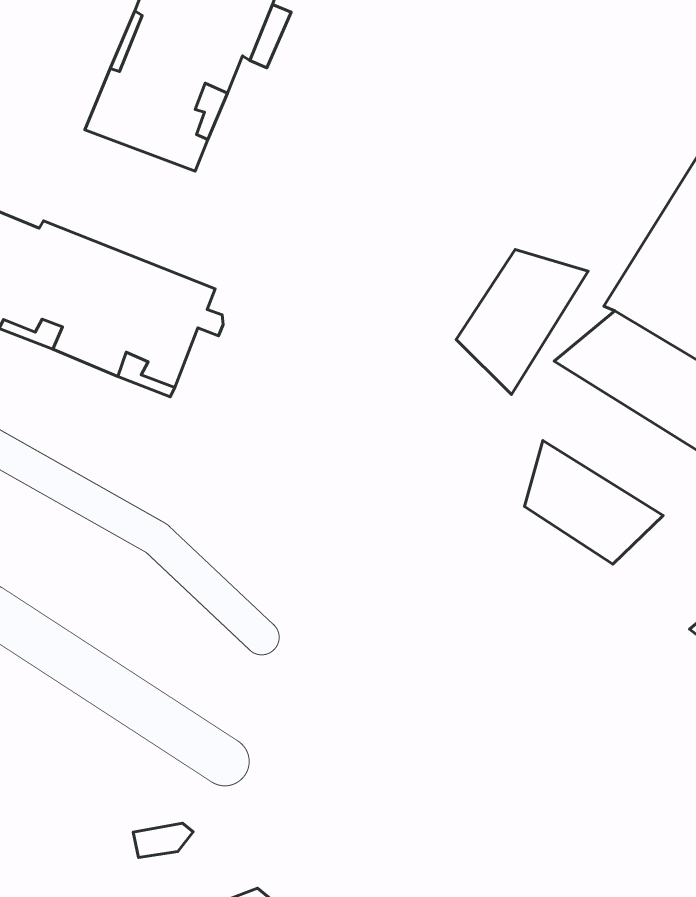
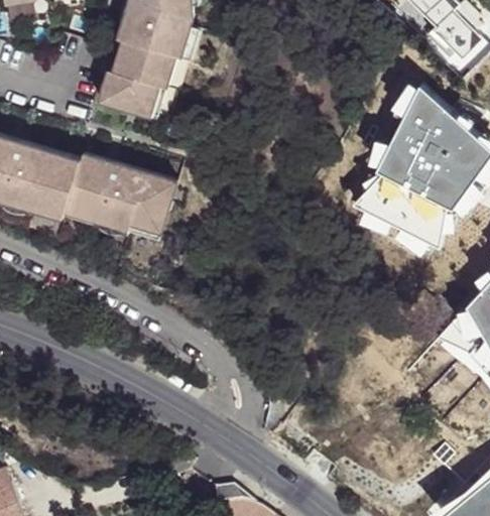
building: [456,249,588,394] -> none
building: [525,440,663,564] -> none

